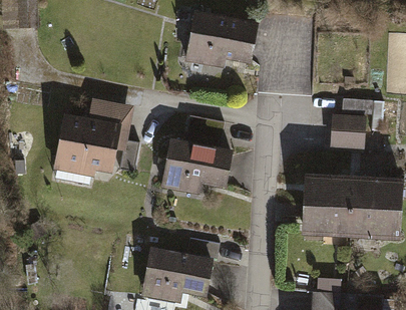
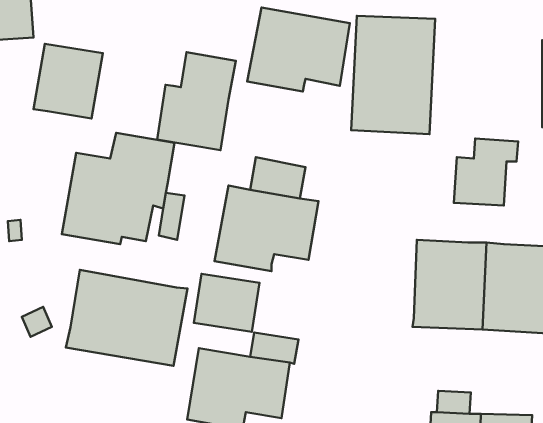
building: none -> [34,44,103,119]
building: none -> [157,52,236,150]
building: none -> [66,270,187,366]
building: none -> [194,274,260,332]

